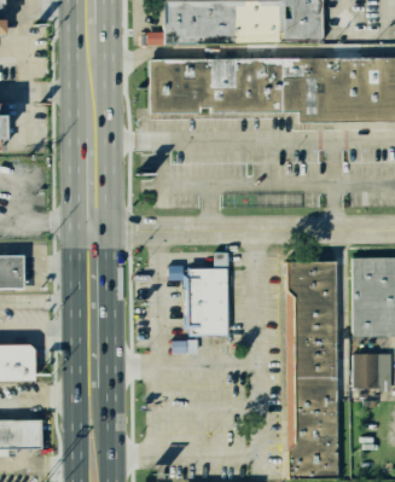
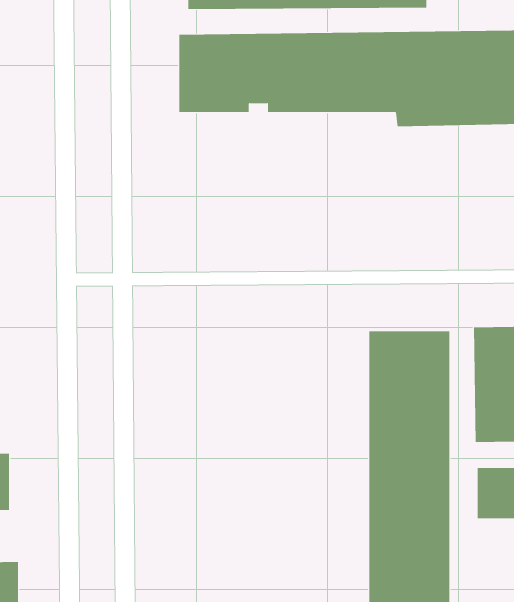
building: [185,267,233,339] -> none

